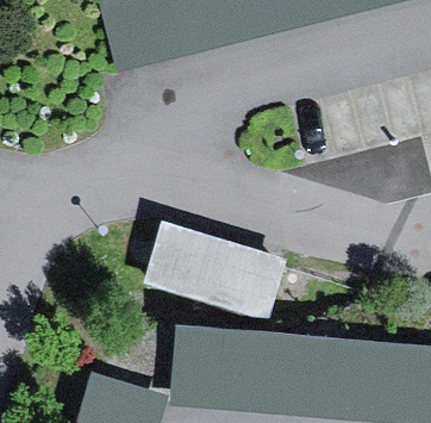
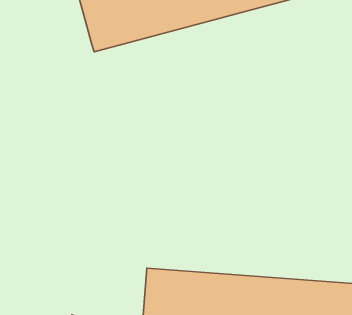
building: [144,218,289,317] -> none

